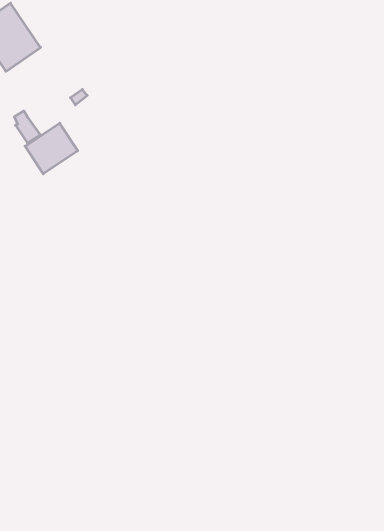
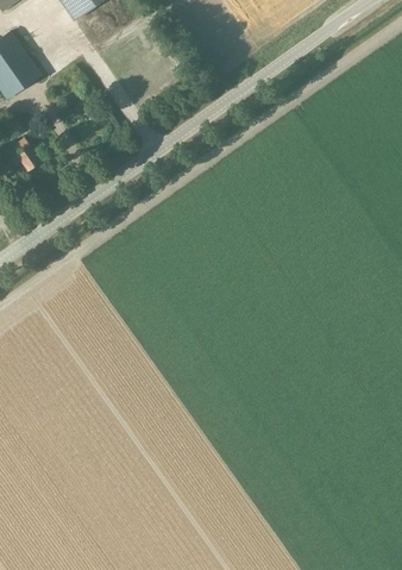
building: [25,123,78,174] -> none

